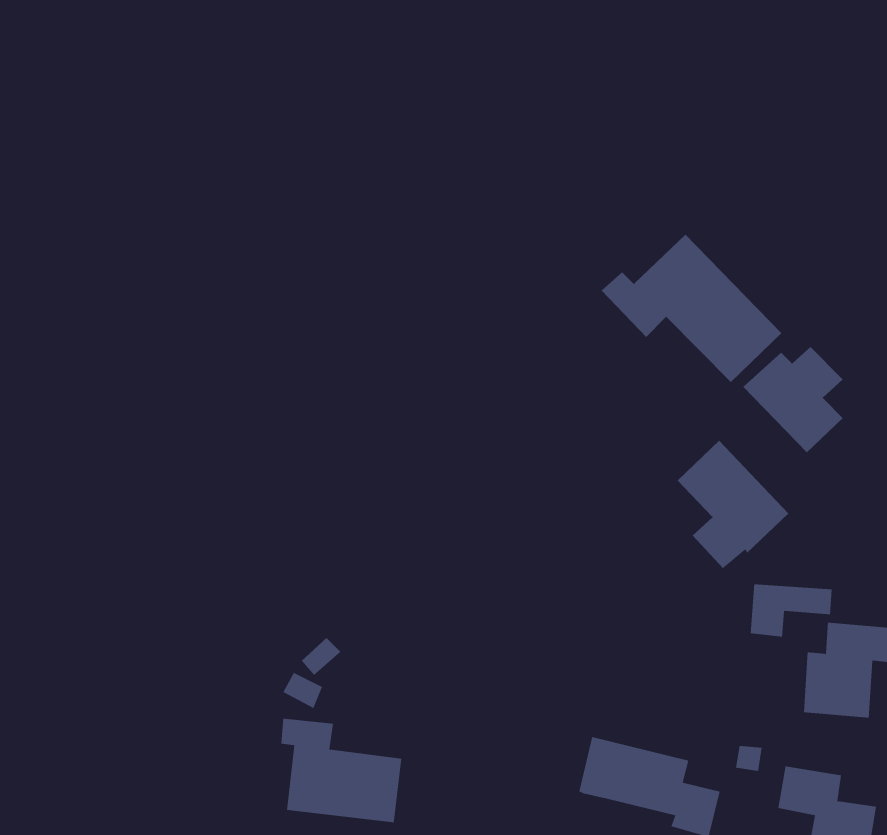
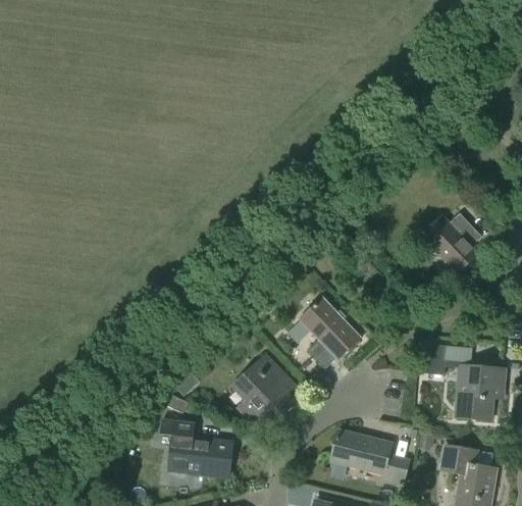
building: [601,234,782,383] -> none
building: [677,440,789,569] -> [299,297,361,368]
building: none -> [234,356,293,426]

